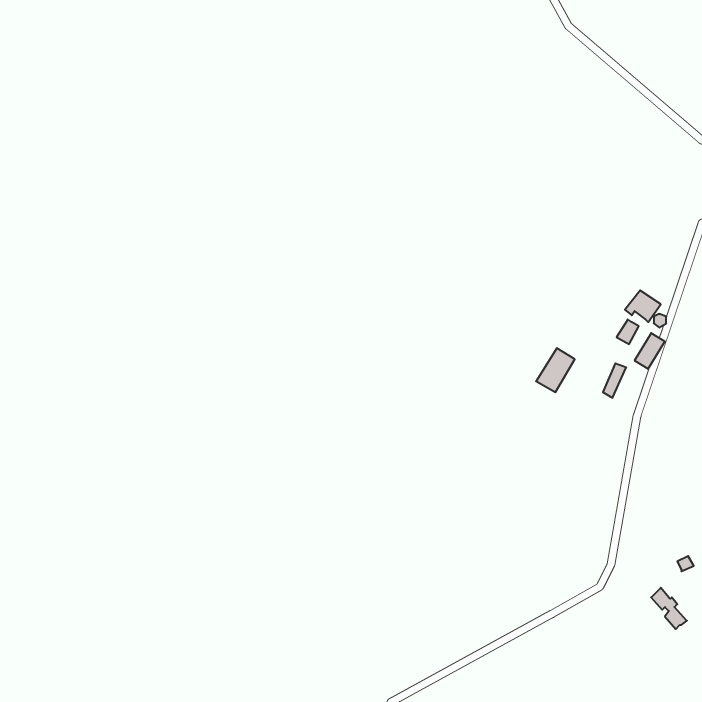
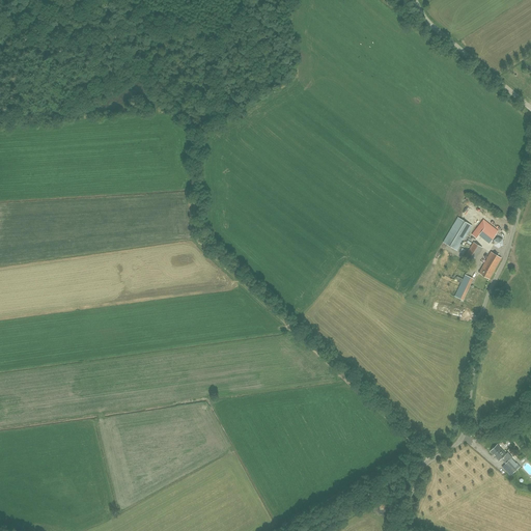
building: [536,348,575,392] -> [442,216,471,249]

